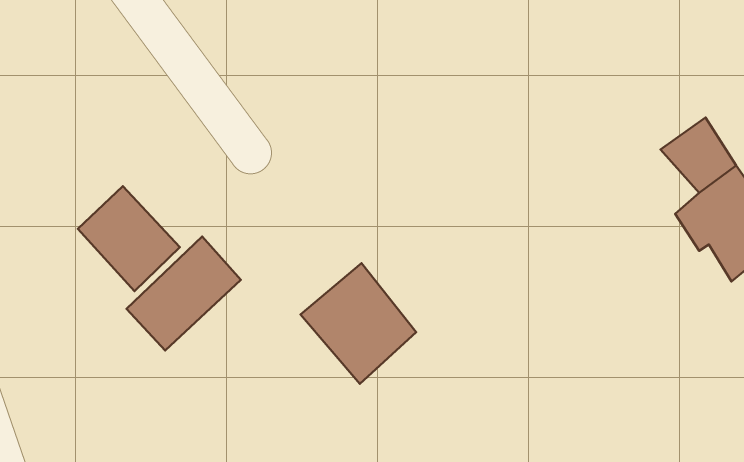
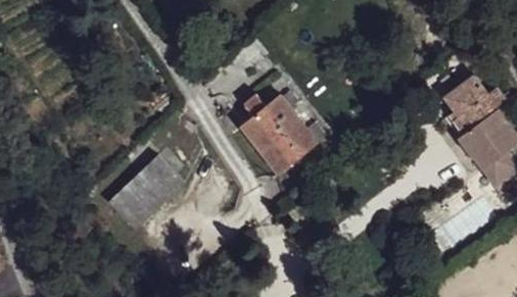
building: [78,186,180,291] -> none
building: [300,263,416,384] -> [243,94,317,170]

